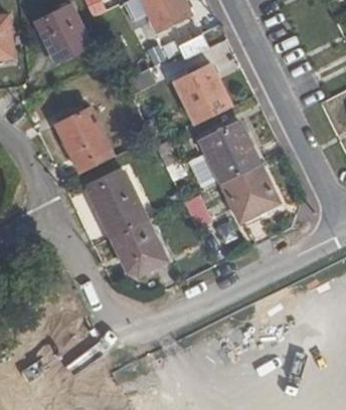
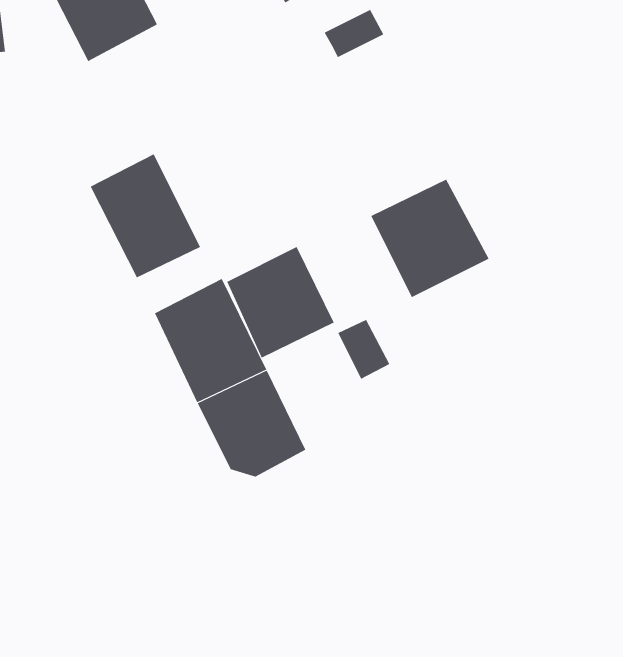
building: [174,65,232,126] -> none
building: none -> [227,246,334,359]
building: [222,164,283,223] -> none

